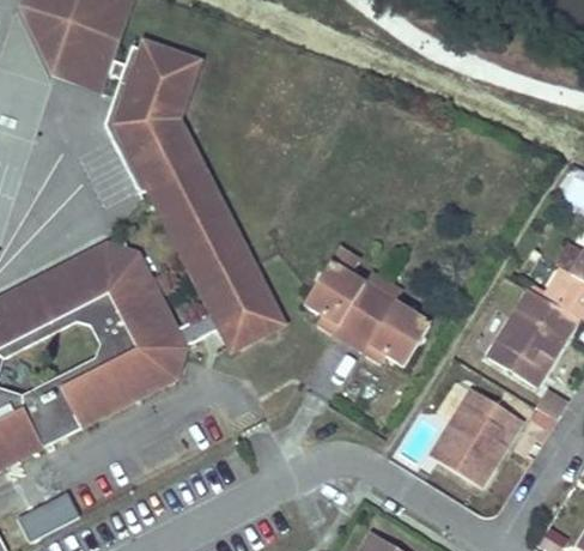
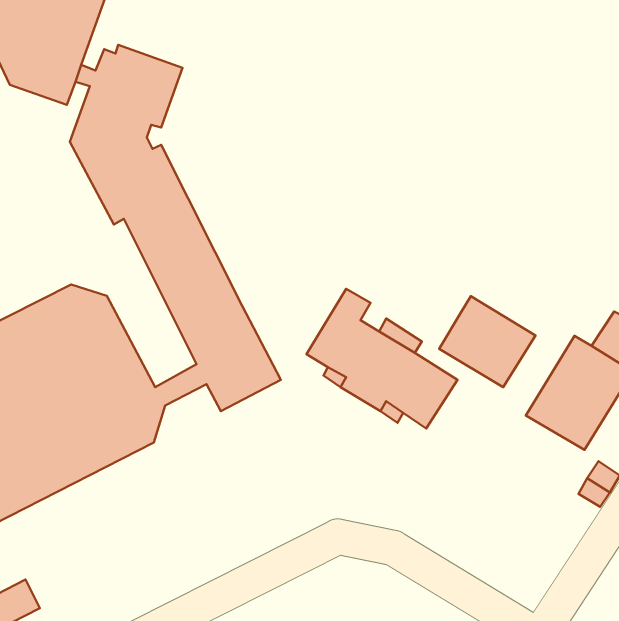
building: none -> [439,296,535,387]
building: [431,388,522,483] -> none

